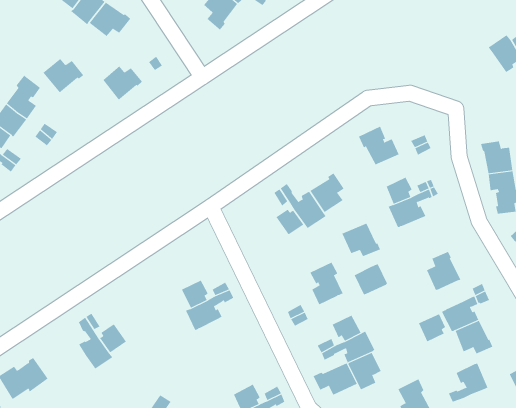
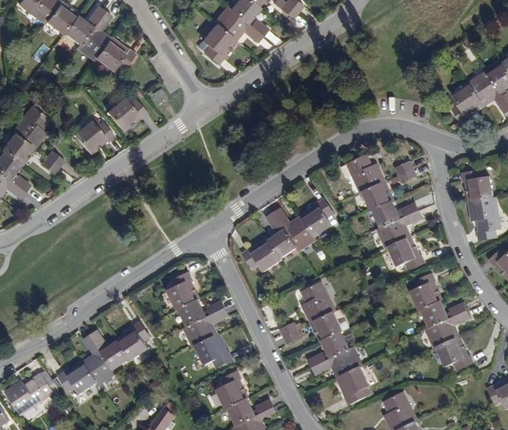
building: none -> [453,85,486,123]
building: [43,58,84,93] -> [72,121,111,154]
building: none -> [363,182,395,212]
building: none -> [243,239,282,271]
building: [341,223,381,257] -> [387,240,424,272]
building: none -> [169,273,201,310]
building: [354,263,388,295] -> [310,313,342,343]
building: none -> [115,321,148,360]
building: [418,313,446,342] -> [421,301,447,328]
building: none -> [197,335,233,369]
building: none -> [57,361,98,395]
building: none -> [218,371,250,408]
building: [313,363,357,395] -> none
building: [448,363,488,403] -> none

